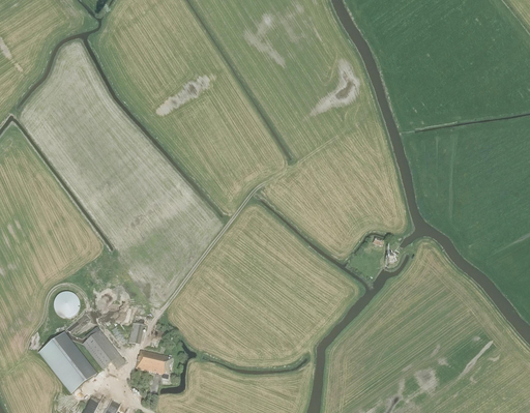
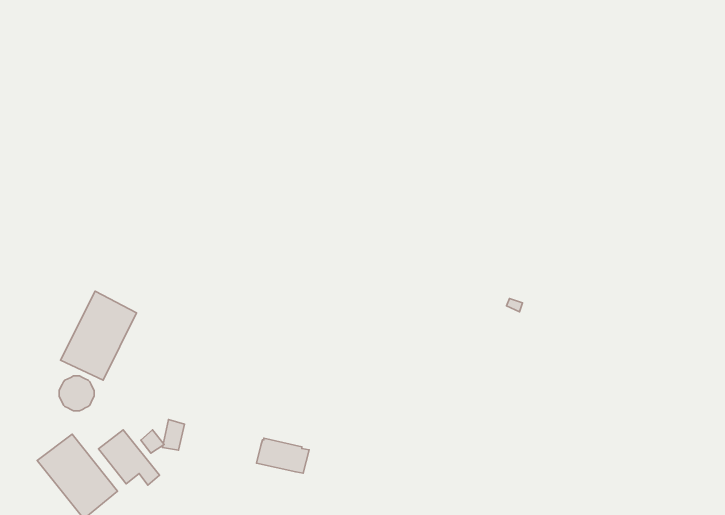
building: none -> [61,291,137,380]
building: [135,349,172,374] -> [257,438,309,473]

